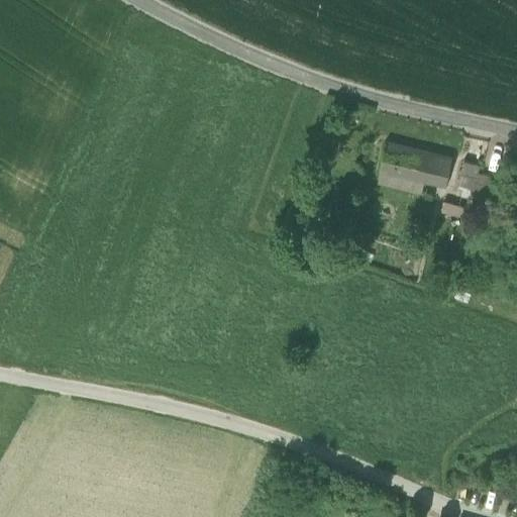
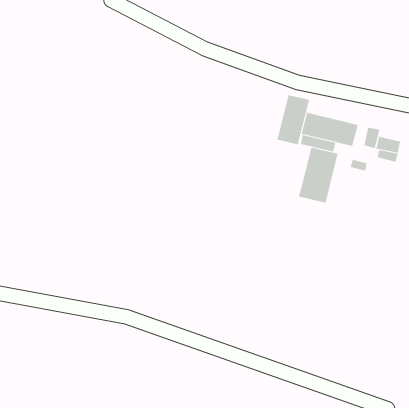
building: none -> [277,94,310,145]
building: none -> [298,147,338,204]

